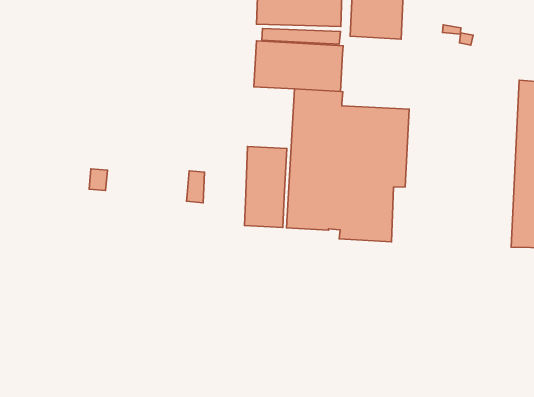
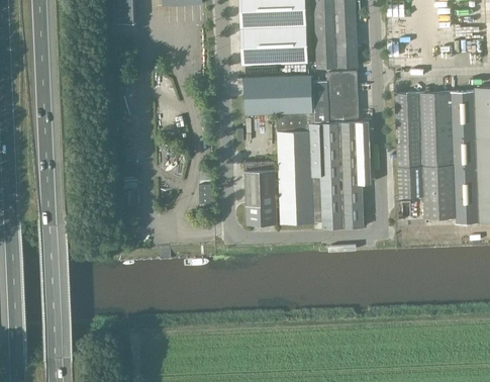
building: none -> [312,72,359,121]
building: none -> [395,91,459,223]

